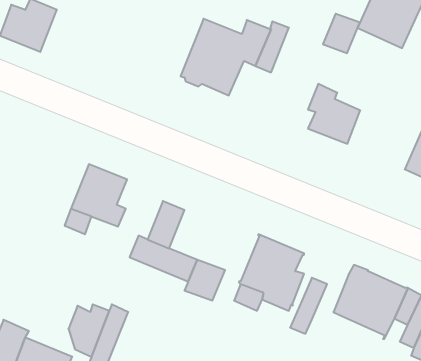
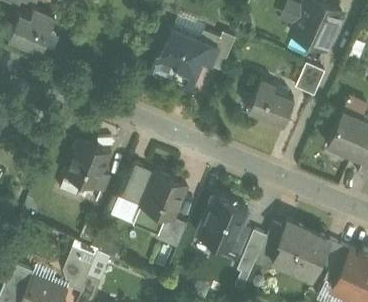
building: [323,14,360,53] -> [295,63,324,94]
building: none -> [143,173,186,219]
building: none -> [255,222,284,270]

